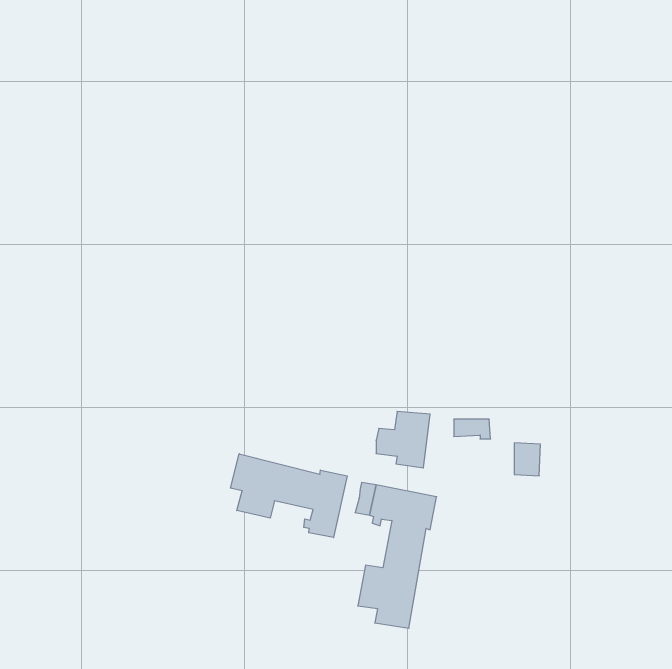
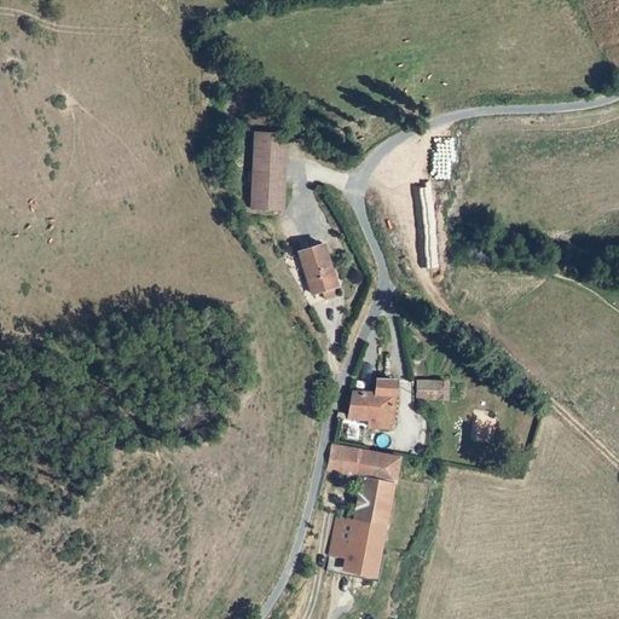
building: none -> [253,132,290,209]
building: none -> [302,242,335,291]
building: [230,454,347,538] -> none

